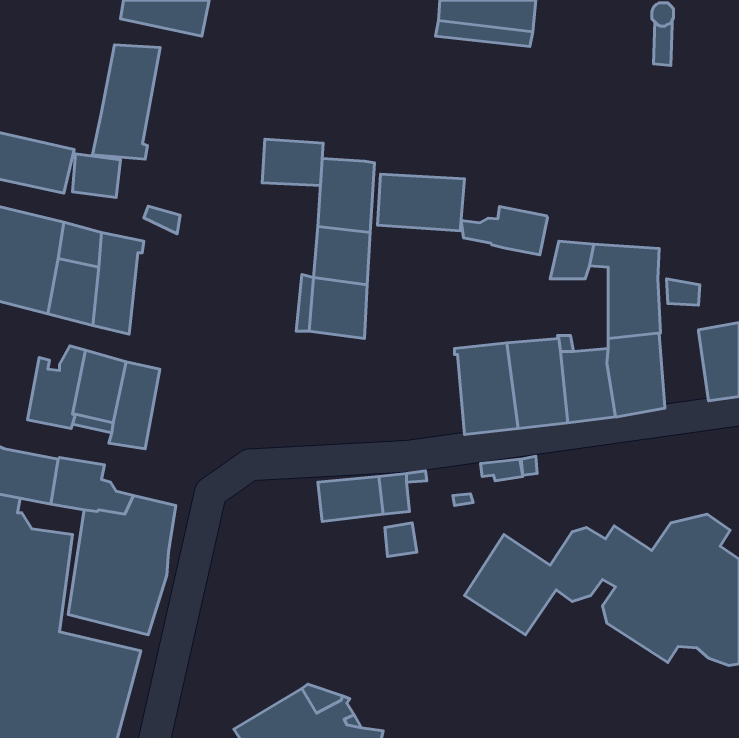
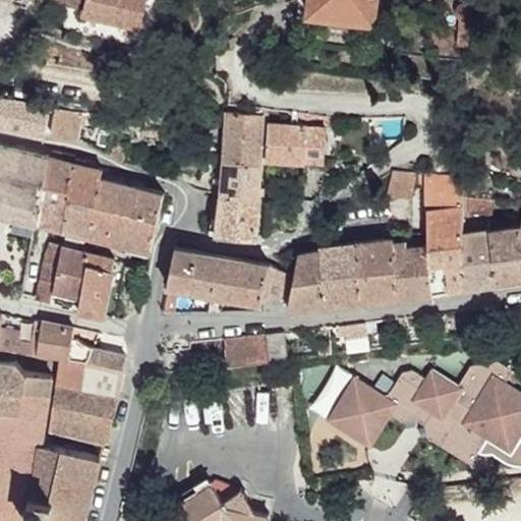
building: [93,45,160,159] -> none
building: [262,139,323,185] -> none
building: [461,207,547,255] -> none
building: none -> [91,180,163,252]
building: none -> [462,234,497,289]
building: none -> [161,249,289,314]
building: none -> [287,251,326,311]

